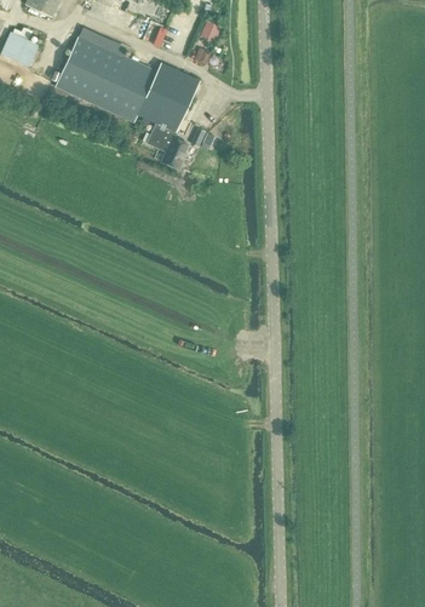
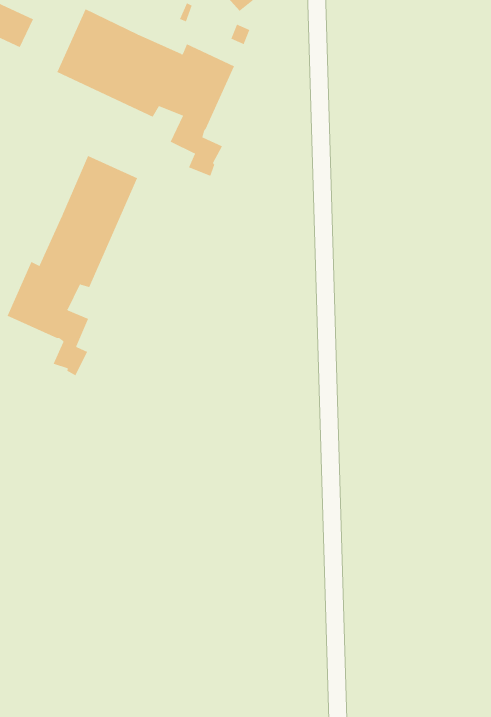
building: none -> [7,155,138,376]

